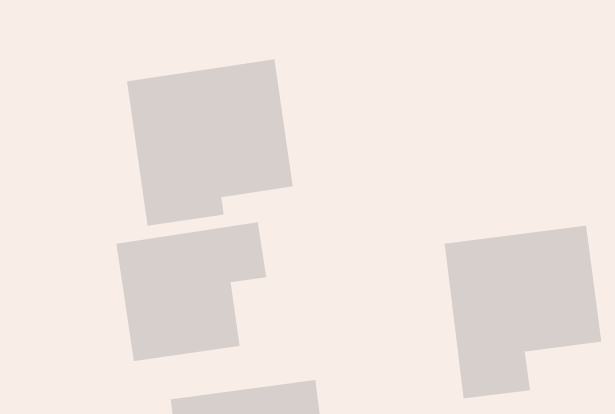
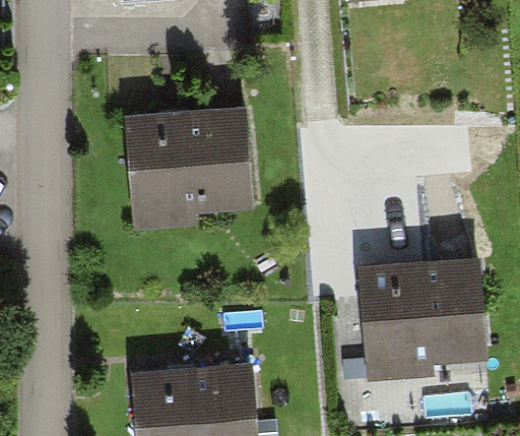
building: [116,222,267,362] -> none

